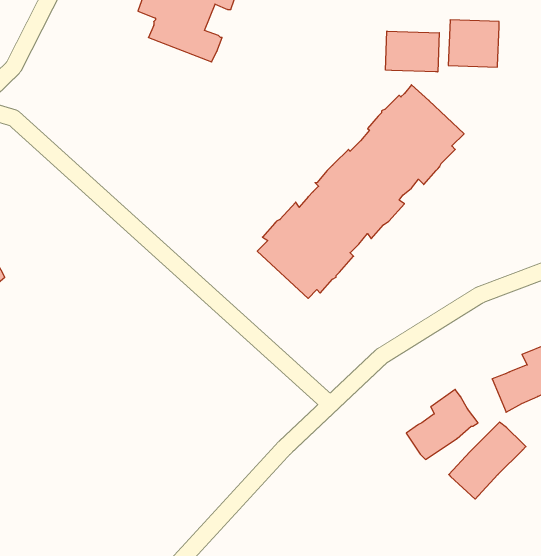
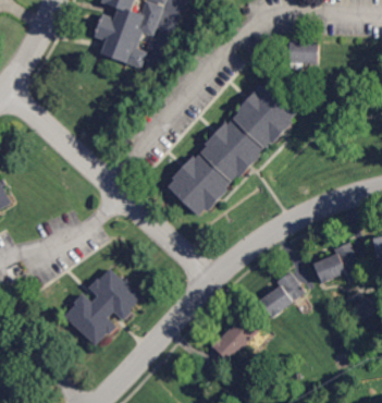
building: [386,31,439,72] -> none
building: none -> [64,269,139,344]
building: [449,422,526,499] -> [211,314,259,362]

